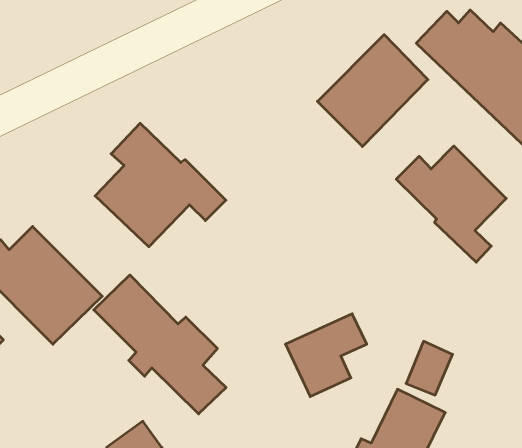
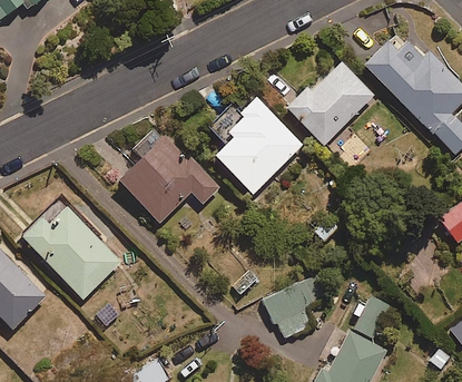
building: none -> [212,98,301,195]
building: [396,146,506,262] -> none
building: [94,275,226,414] -> none

